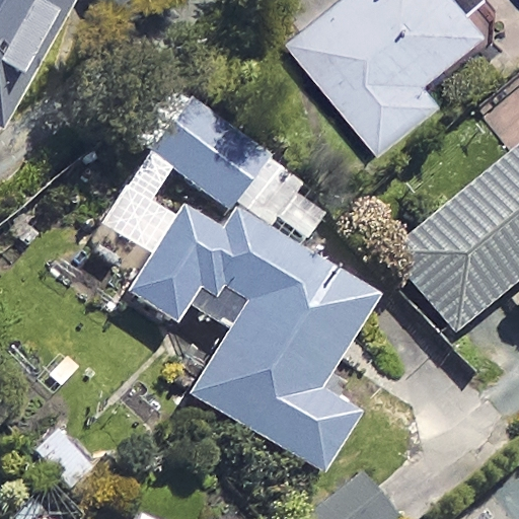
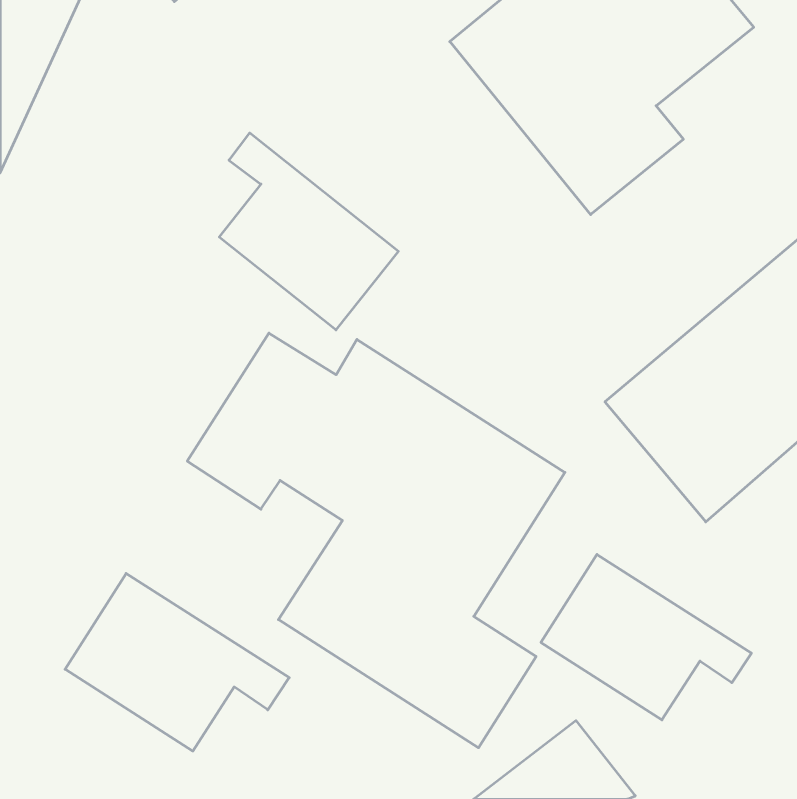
building: none -> [541,554,751,720]
building: none -> [65,573,289,751]

